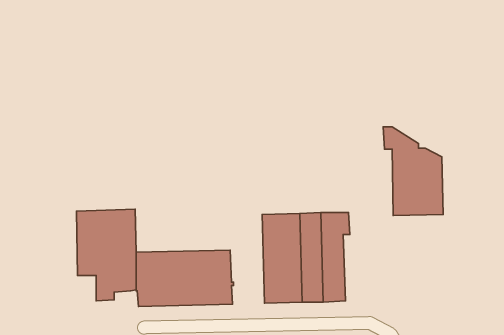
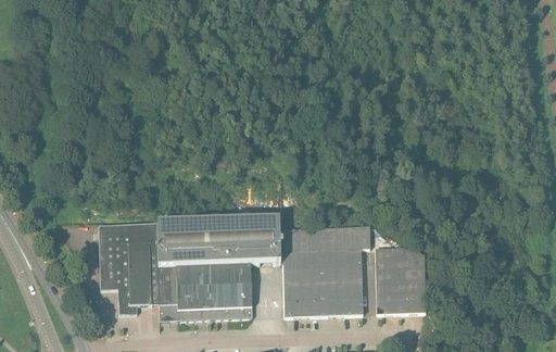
building: [383,127,443,216] -> [367,226,426,313]
building: none -> [157,218,281,265]

